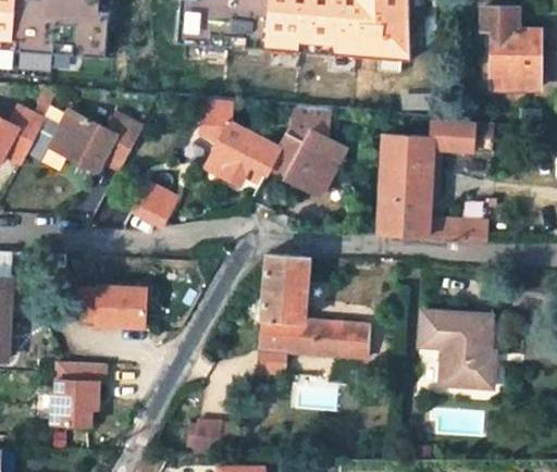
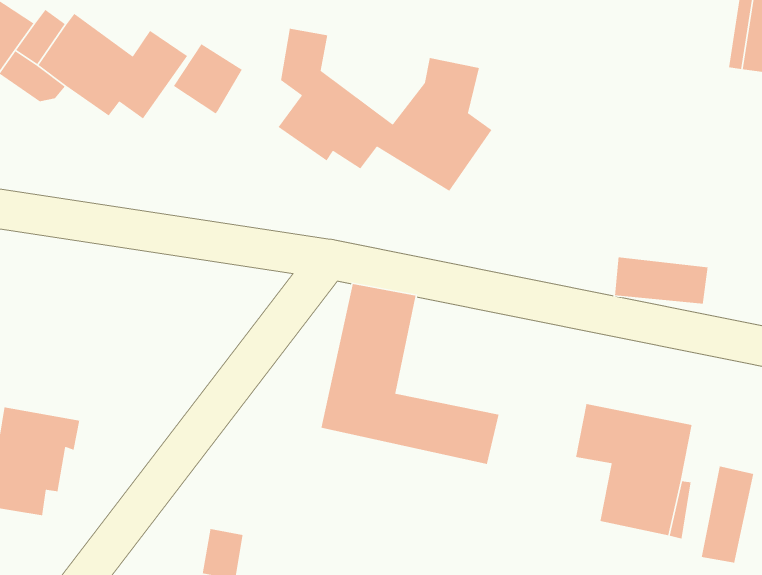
building: [380,120,494,236] -> none
building: [133,182,175,225] -> [173,43,243,115]
building: [79,287,147,327] -> none
building: none -> [701,466,754,564]

